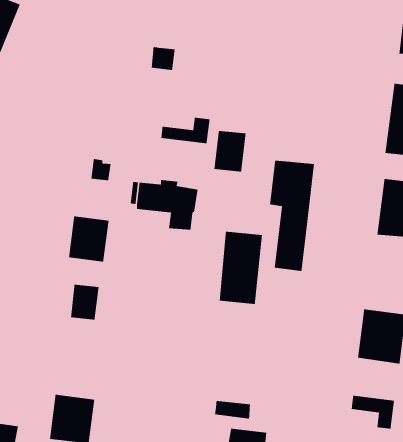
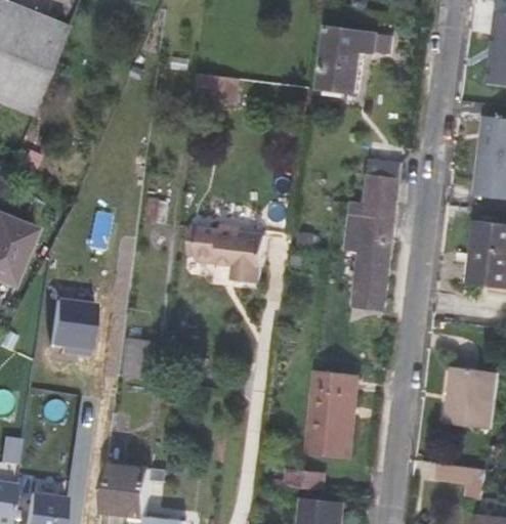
building: none -> [319,27,393,92]
building: [160,117,211,144] -> none
building: [214,130,247,172] -> [364,158,400,205]
building: [68,216,109,262] -> [49,298,95,350]
building: [219,231,263,305] -> [306,374,355,456]

